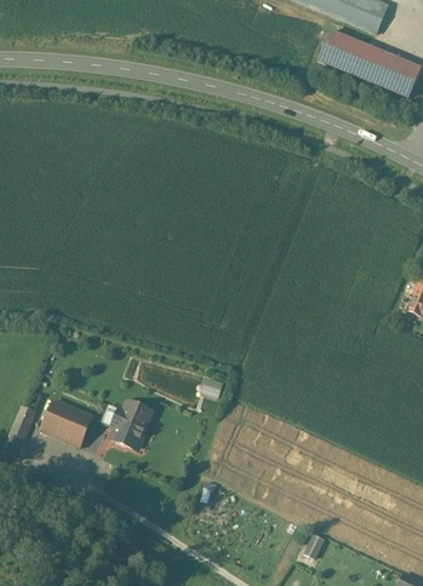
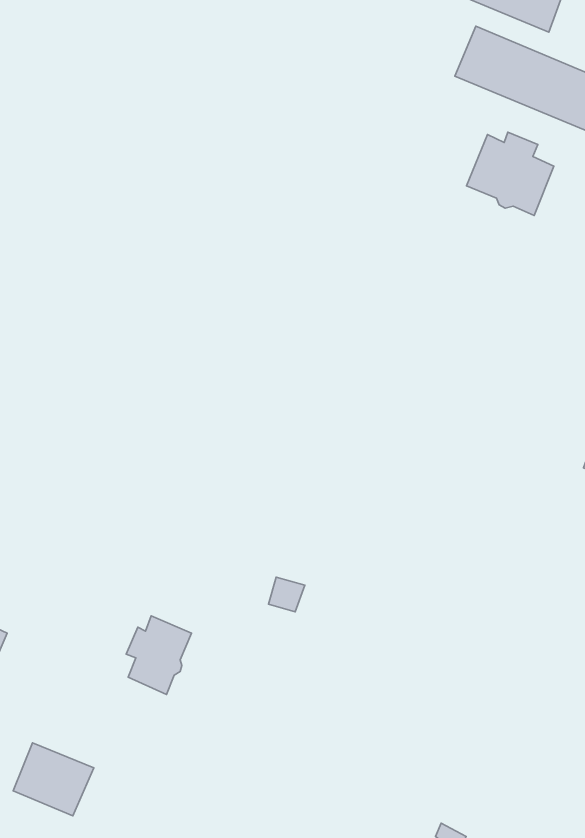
building: none -> [466,132,554,216]
building: [41,401,92,447] -> [13,743,94,816]

